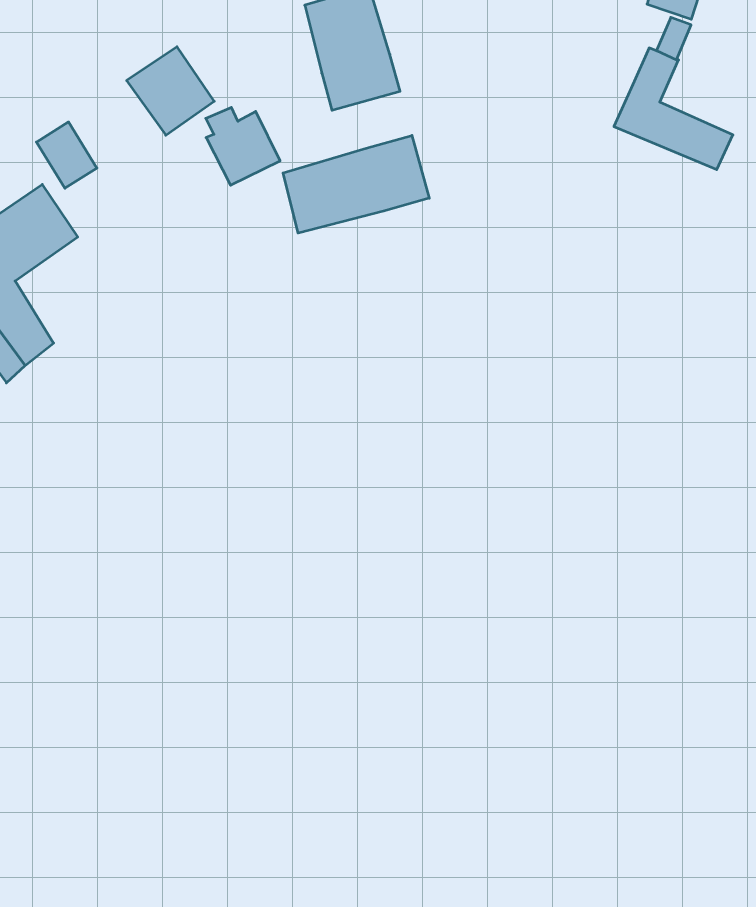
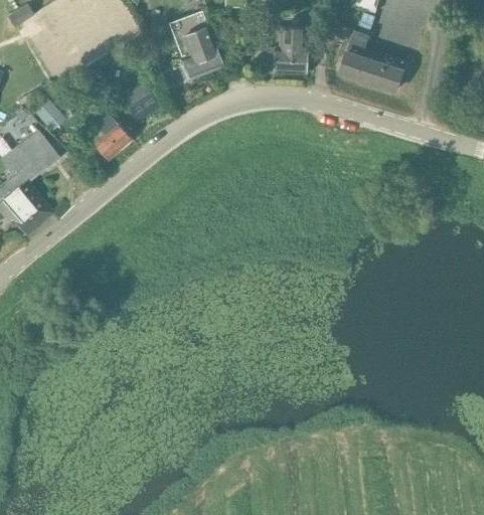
building: none -> [265,27,308,72]
building: [127,47,214,135] -> [85,114,132,161]
building: [283,135,429,233] -> none

